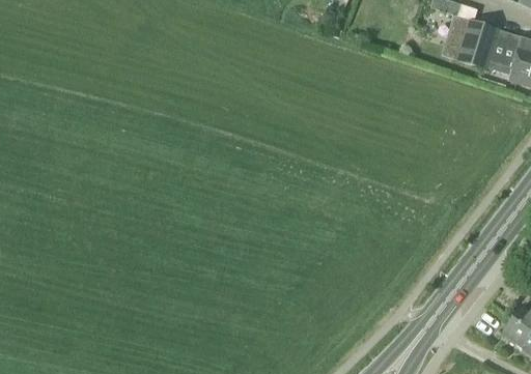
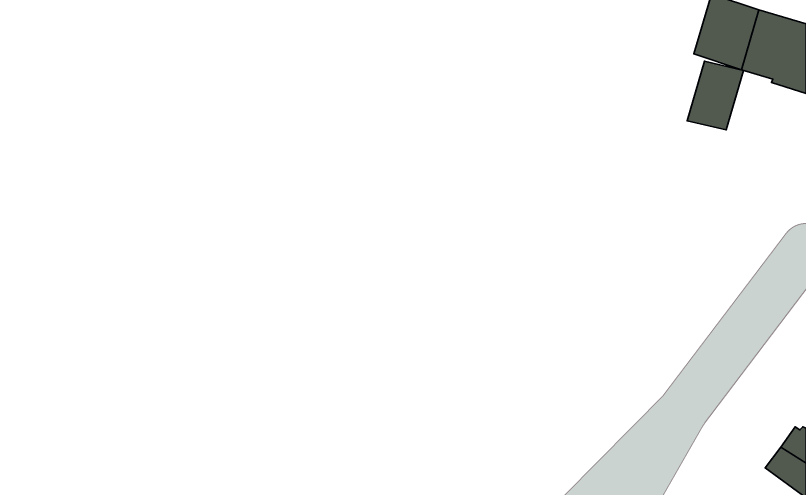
building: none -> [687,61,743,130]

